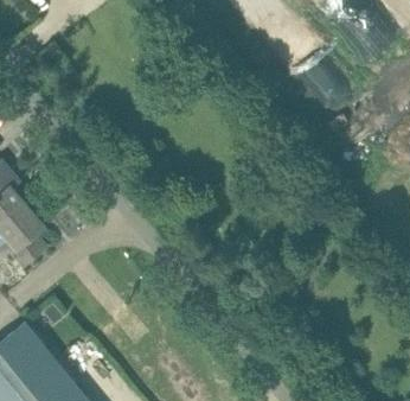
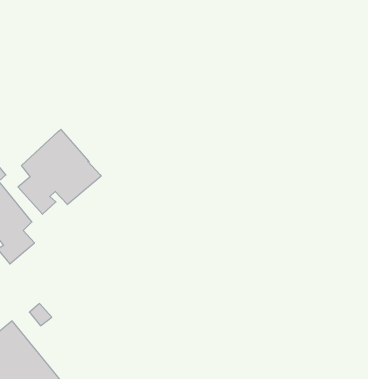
building: none -> [18,129,101,214]

